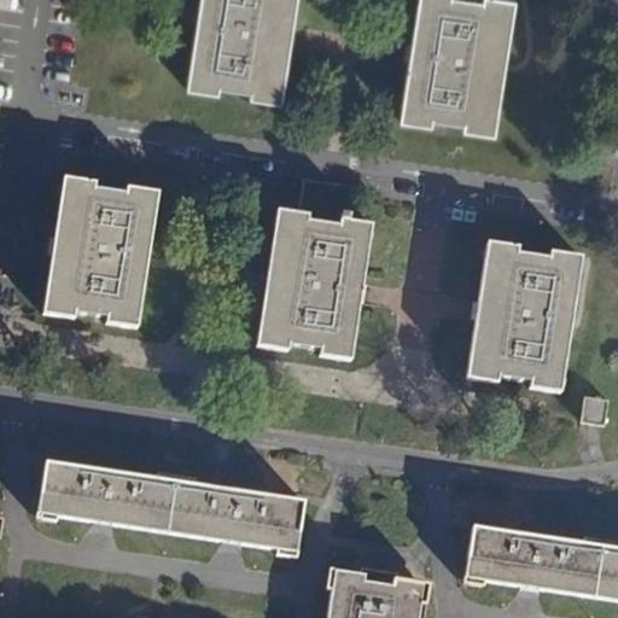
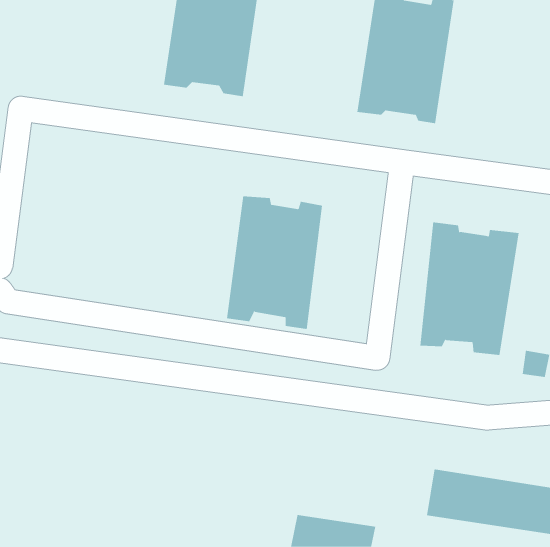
building: [46,185,156,337] -> none
building: [40,457,305,547] -> none

